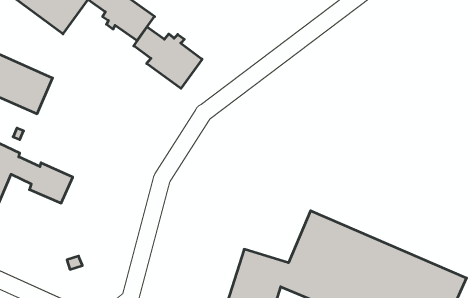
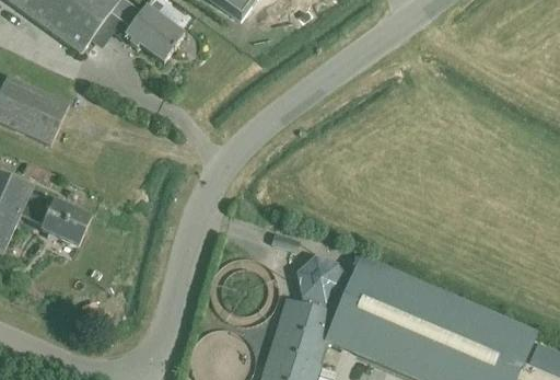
building: [134,27,202,88] -> none
building: none -> [296,260,346,306]

